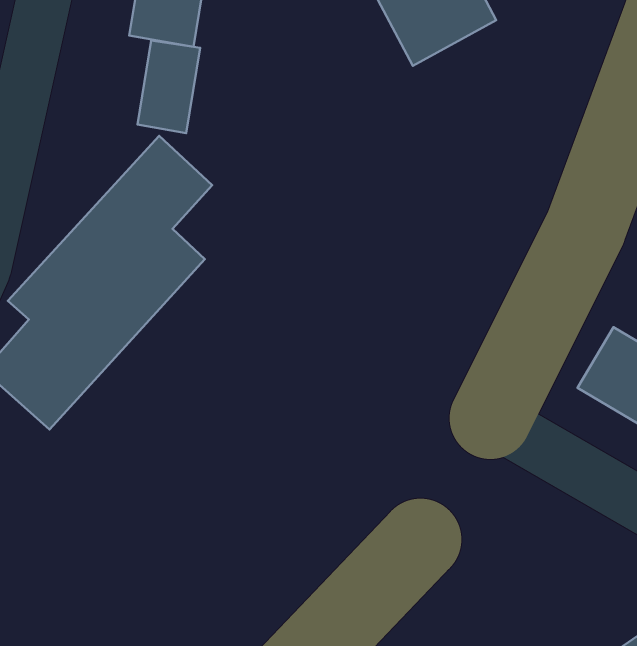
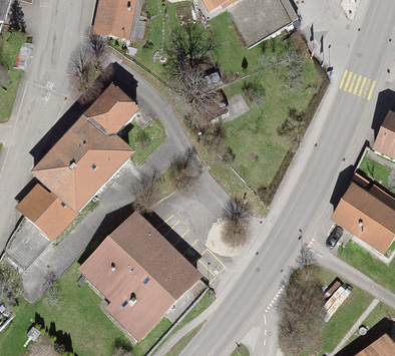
building: [138,41,200,133] -> none
building: none -> [83,212,199,336]

